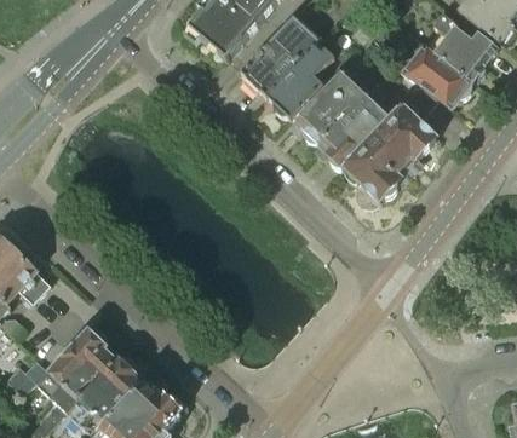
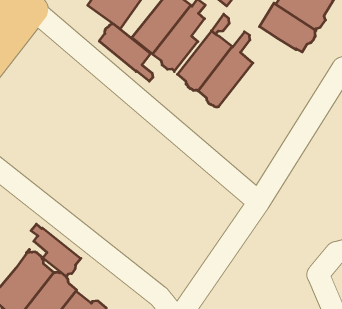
building: none -> [99,24,153,81]
building: [343,87,446,207] -> none
building: none -> [31,224,81,277]

